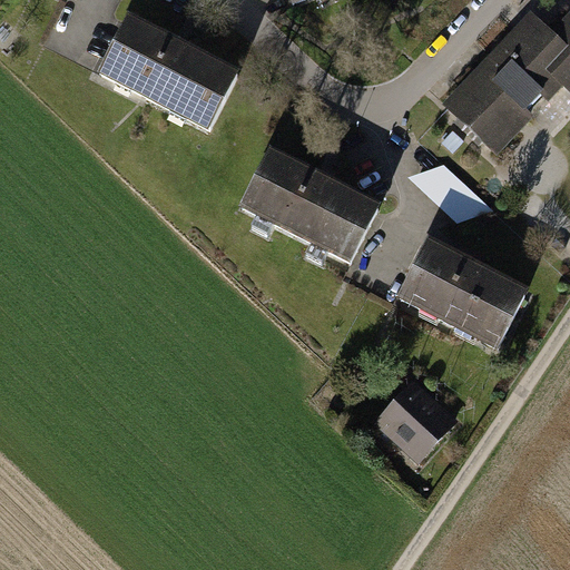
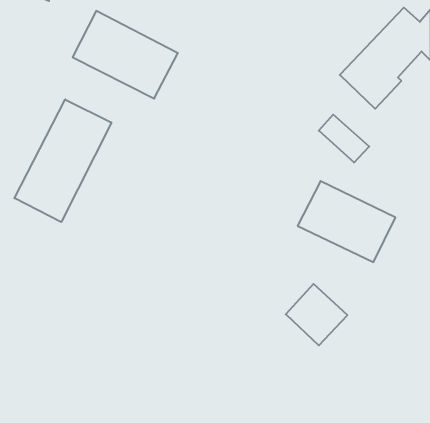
building: none -> [14,99,111,222]
building: [240,151,377,261] -> none

